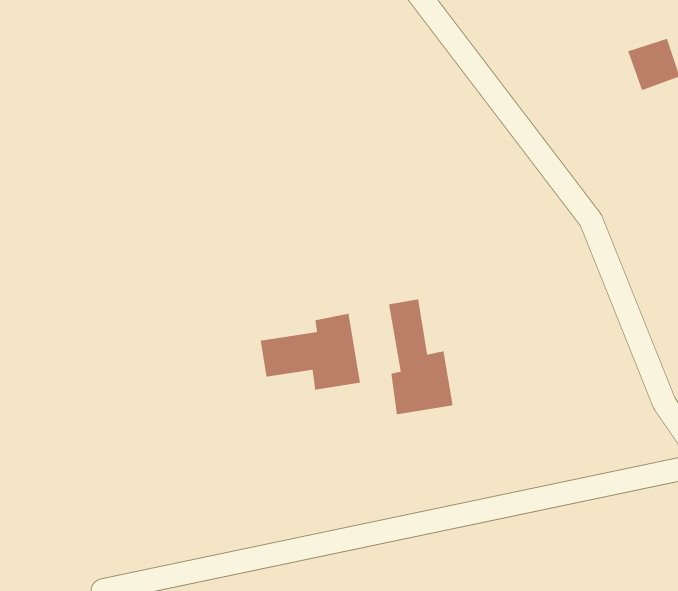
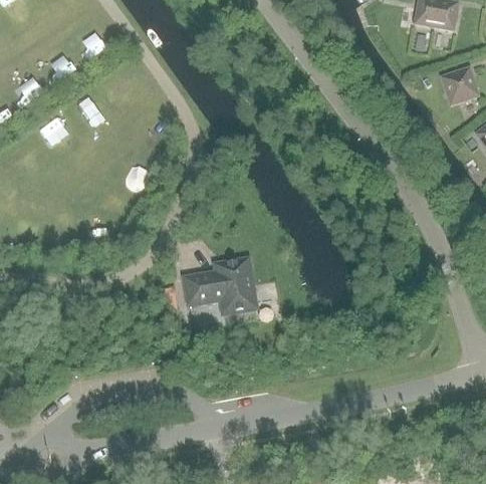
building: [388,299,454,415] -> none

